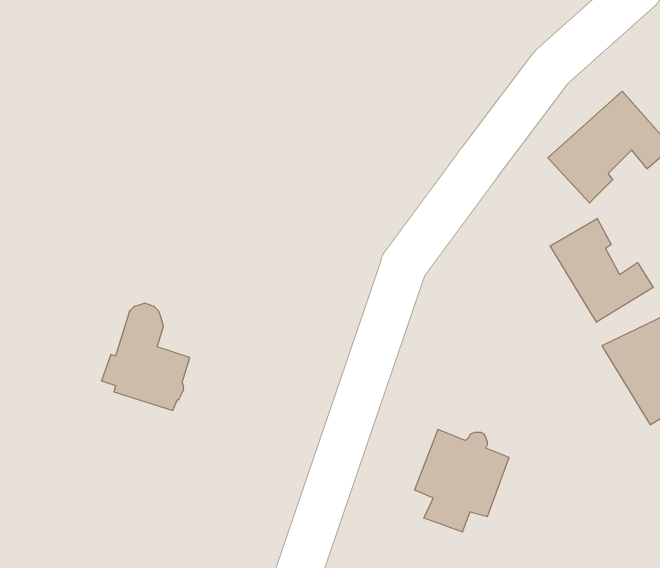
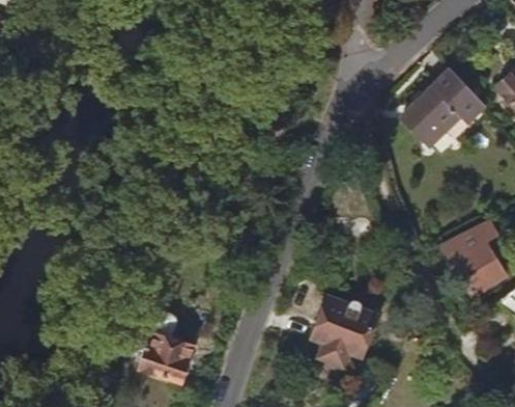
building: [550,218,653,322] -> none
building: [101,303,190,410] -> [136,310,195,382]

